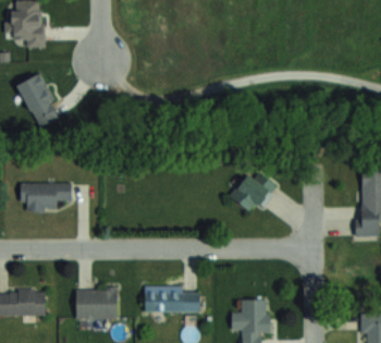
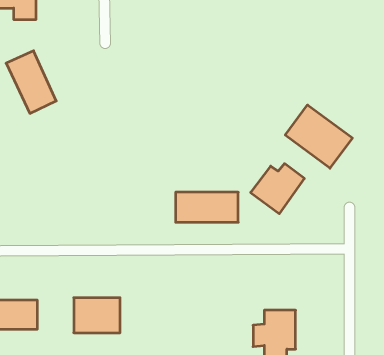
building: none -> [285,105,352,168]
building: [21,183,71,211] -> none
building: [145,285,199,311] -> [176,192,238,222]

